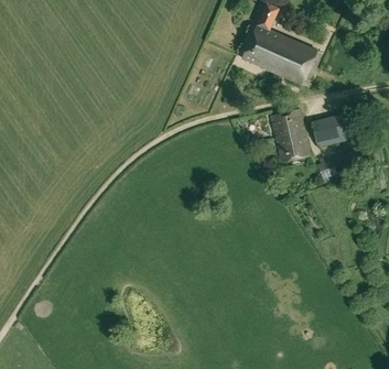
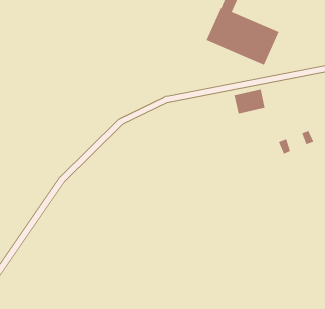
building: [320,118,349,142] -> none
building: [274,128,310,161] -> none

